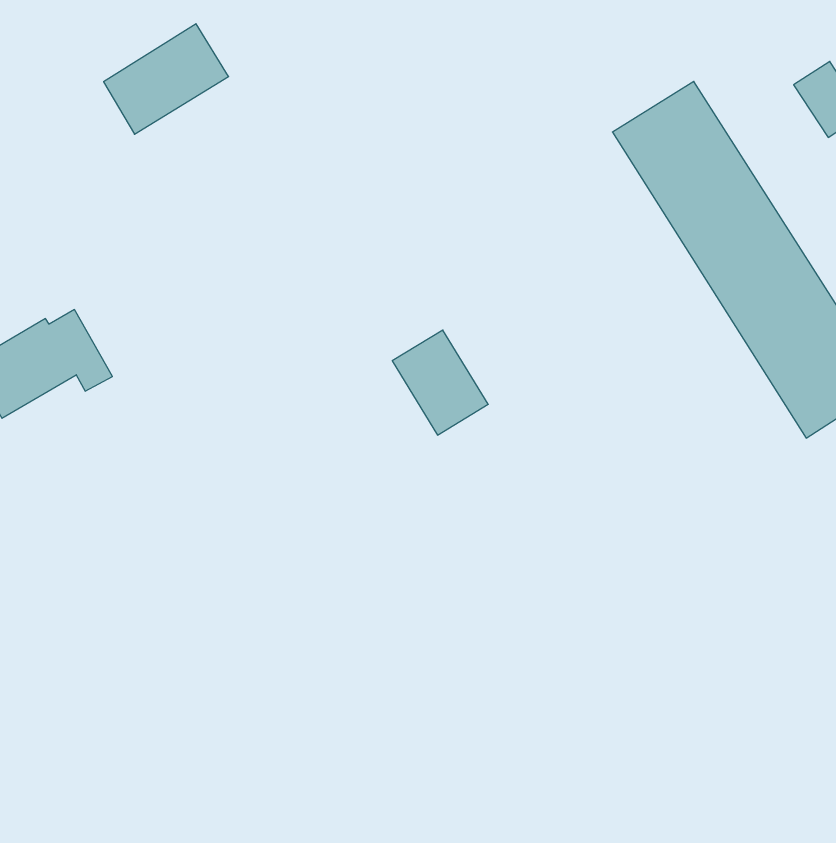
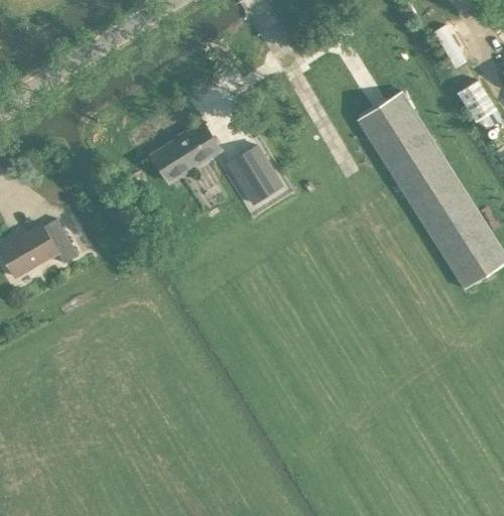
building: [104,24,229,134] -> [151,122,221,183]
building: [392,330,488,435] -> [228,145,281,204]

